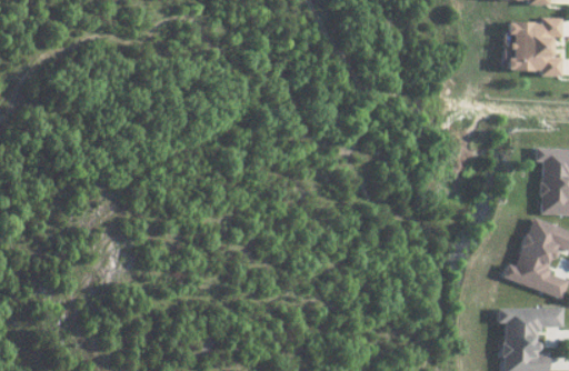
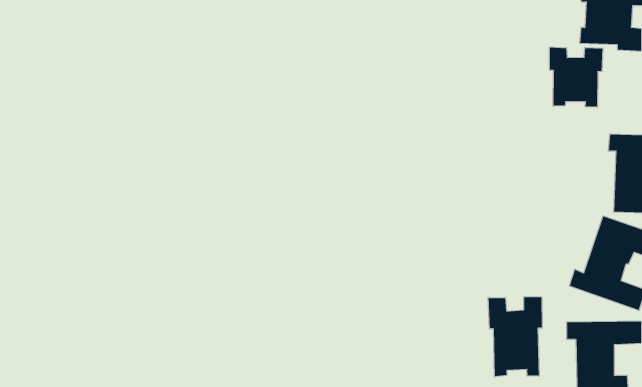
building: none -> [549,47,603,107]
building: none -> [488,297,542,377]

